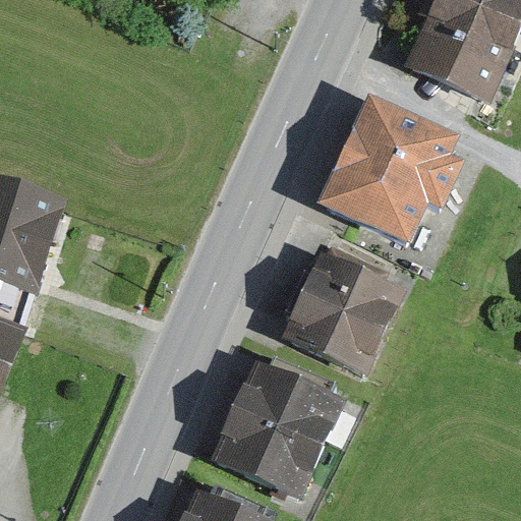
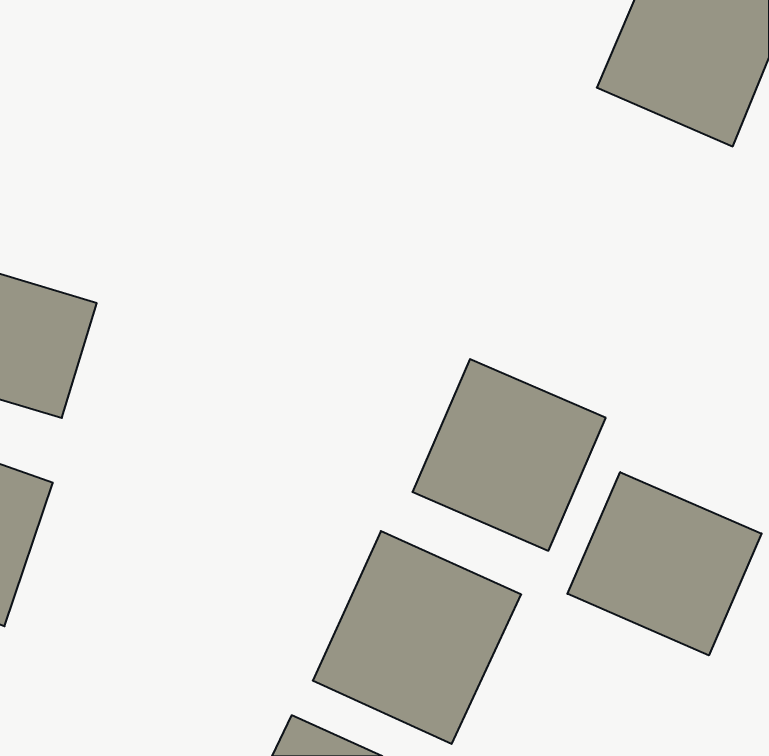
building: [313,95,462,249] -> none
building: none -> [567,472,762,655]

